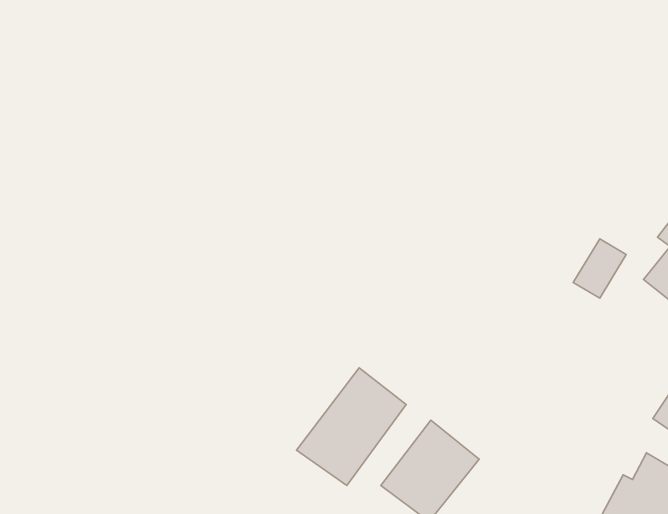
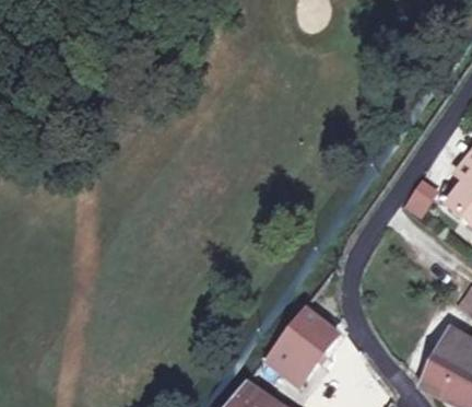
building: [297,368,406,486] -> none

